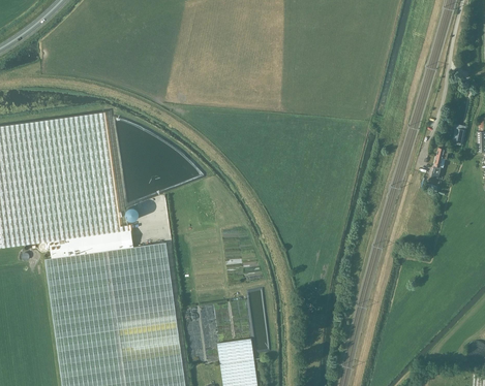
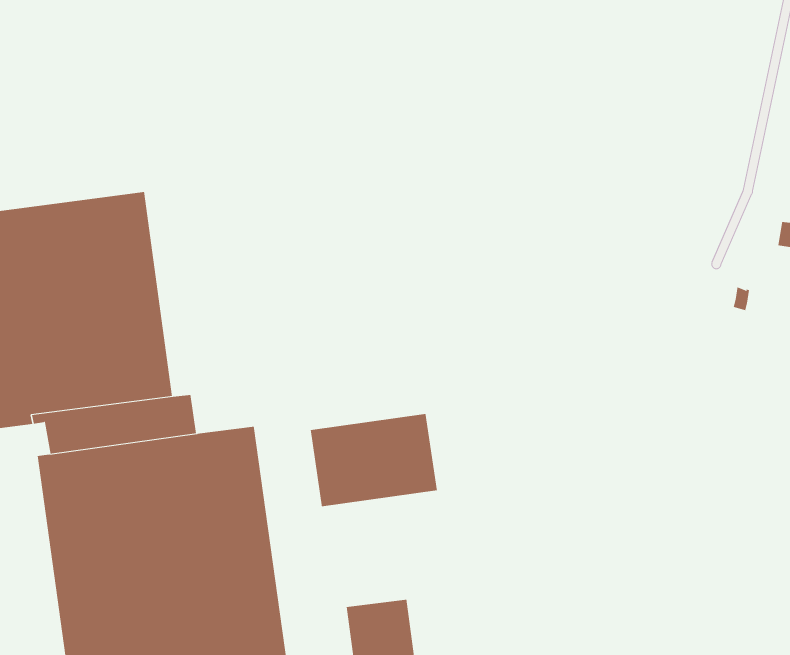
building: none -> [310,413,437,507]

